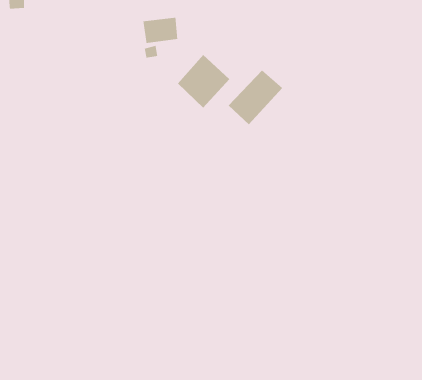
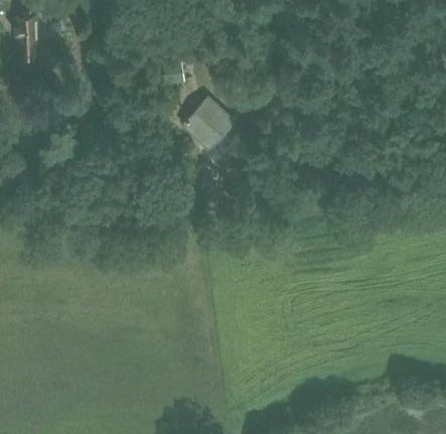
building: [228,69,283,125] -> none

